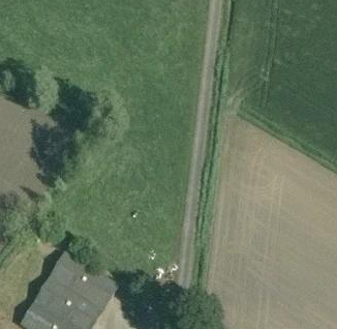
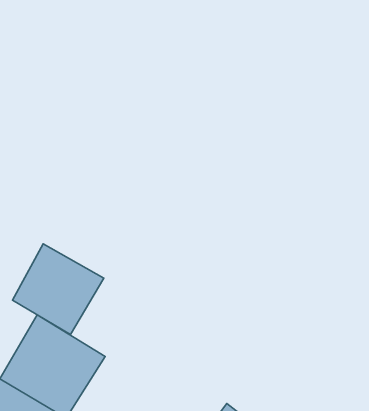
building: none -> [13,244,104,334]

